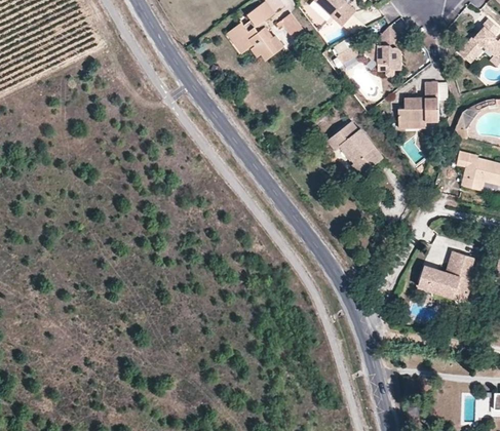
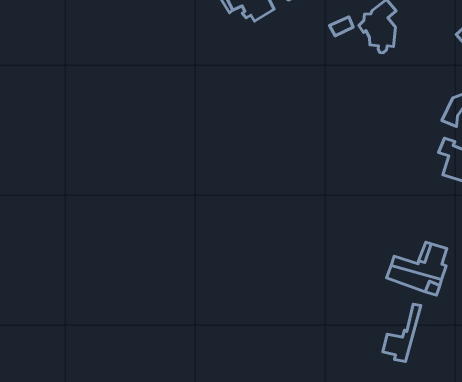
building: [397,83,439,121] -> none
building: [326,120,384,175] -> none
building: none -> [383,304,421,362]

